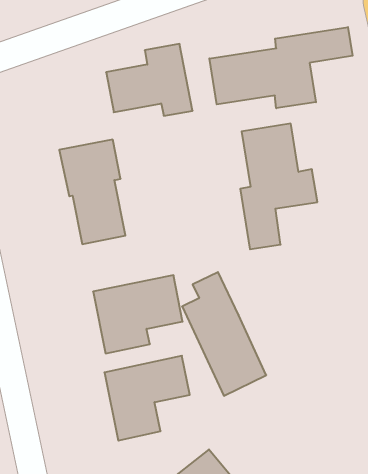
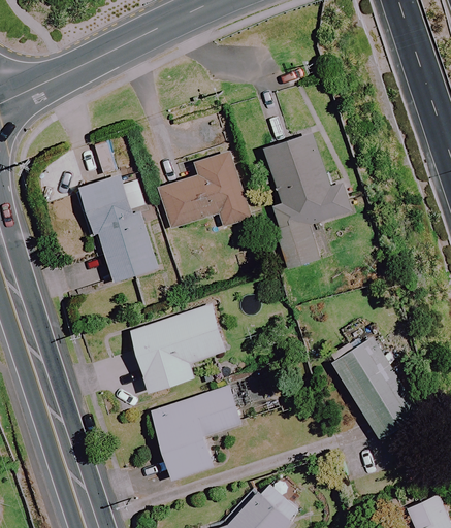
building: [209,27,353,108] -> none
building: [106,44,193,116] -> [158,153,251,230]
building: [182,272,266,396] -> [326,315,420,440]

